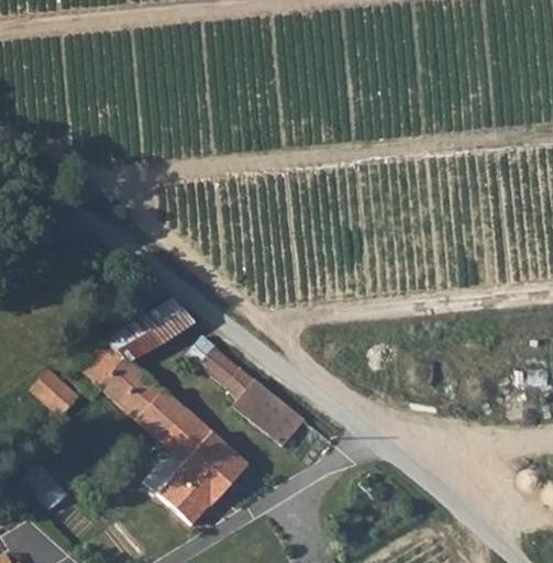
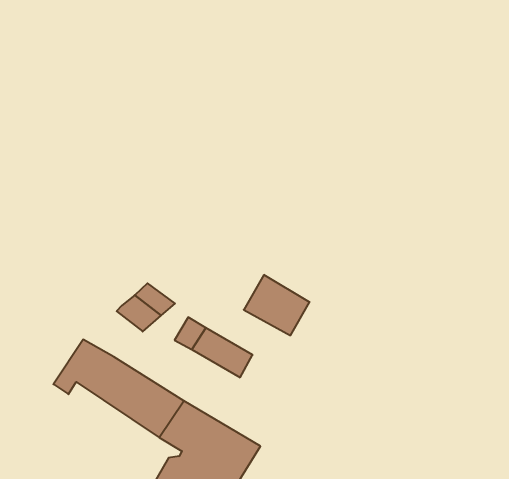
building: [104,321,159,362] -> none
building: [32,371,79,417] -> none
building: [244,388,305,446] -> [244,275,310,335]

